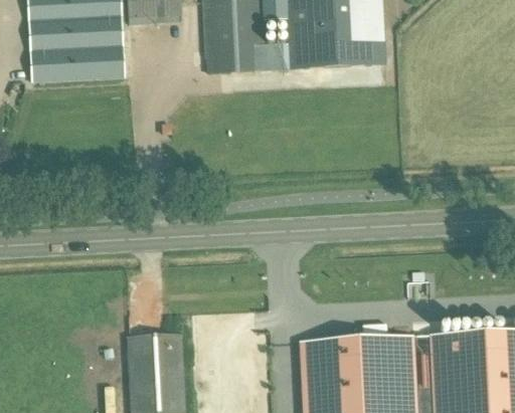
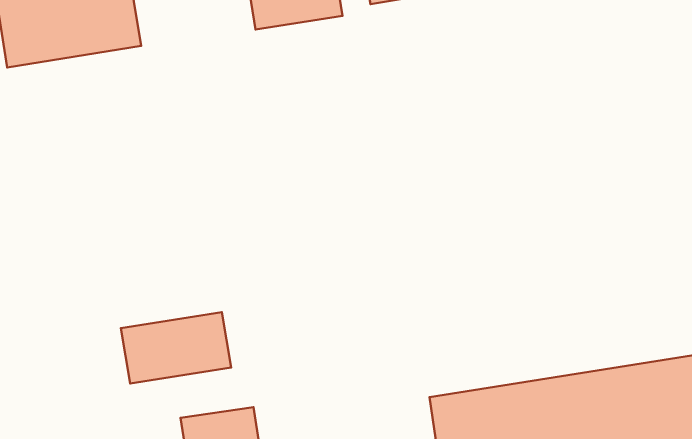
building: none -> [121,312,231,383]

